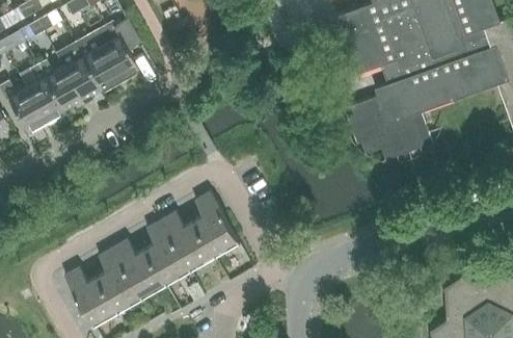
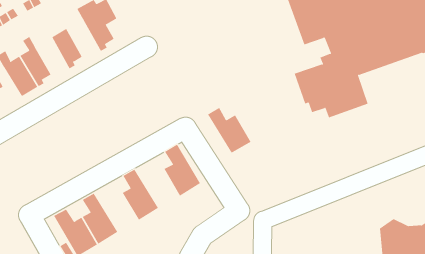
building: [73,32,119,88] -> none
building: [36,60,83,109] -> none
building: [160,211,212,265] -> [207,107,251,154]
building: [112,238,164,293] -> none

